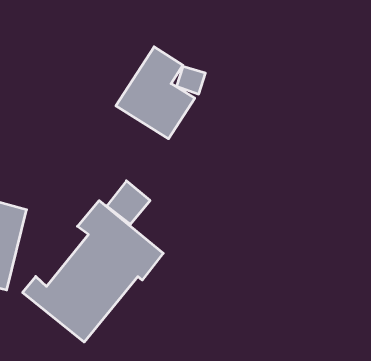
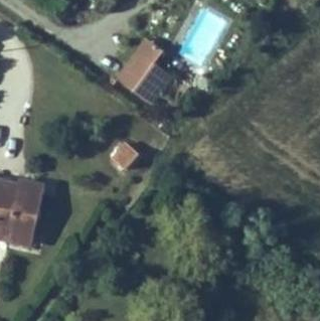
building: [23,201,163,342] -> none

